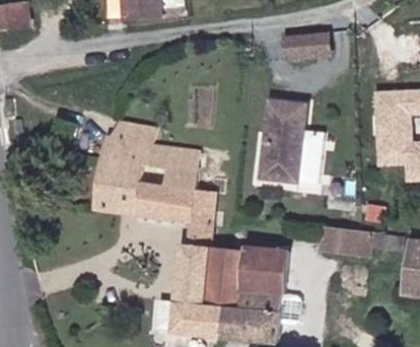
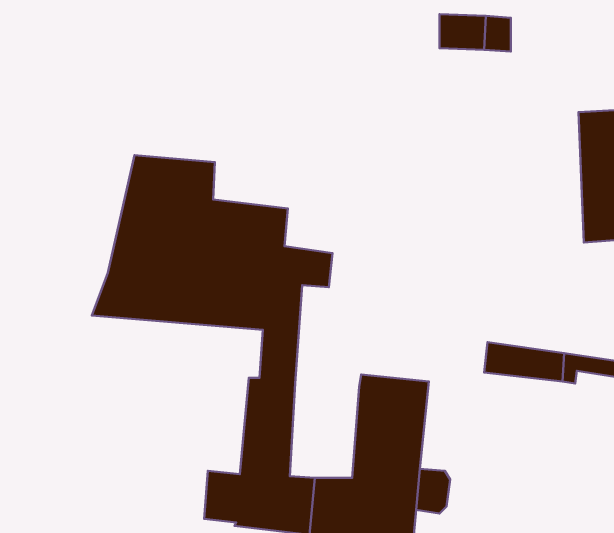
building: [253,105,307,185] -> none
building: [203,249,242,302] -> none

